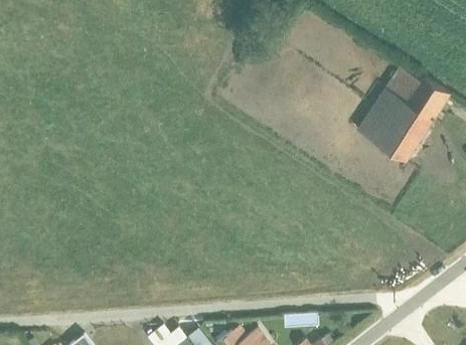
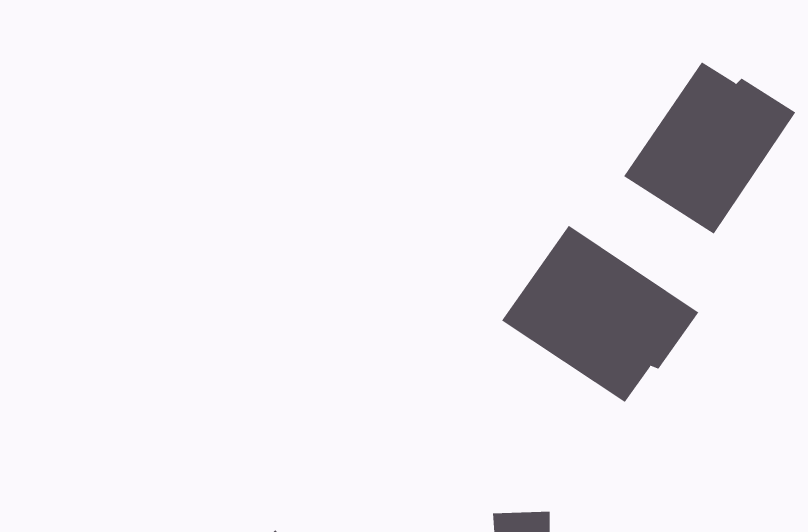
building: none -> [501,225,699,403]

